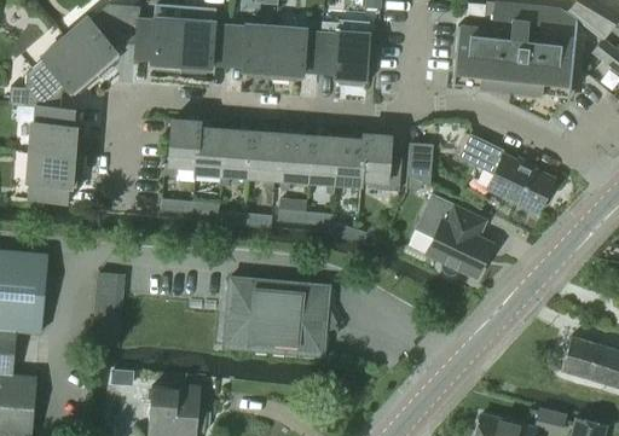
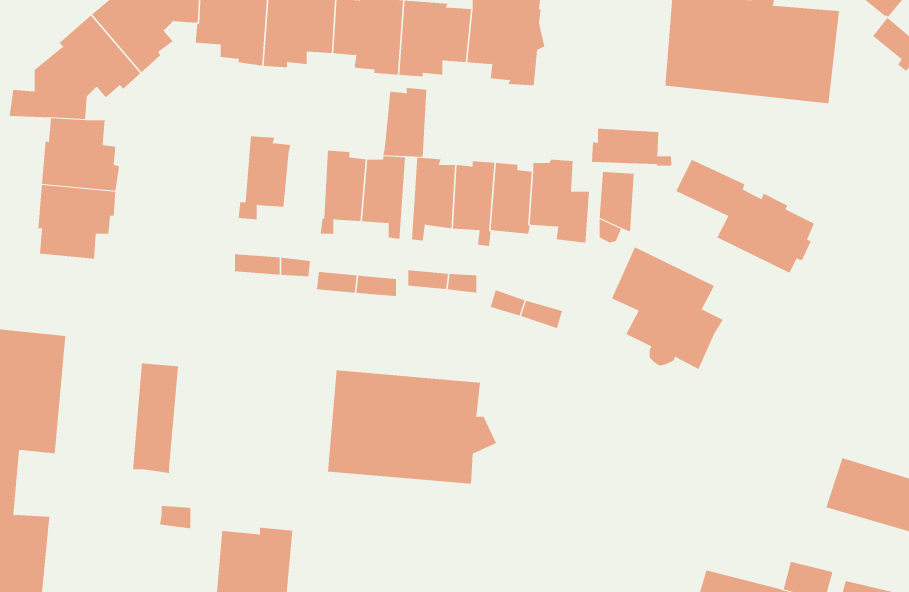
building: none -> [592,128,672,167]
building: [193,127,224,174] -> [382,88,427,157]

